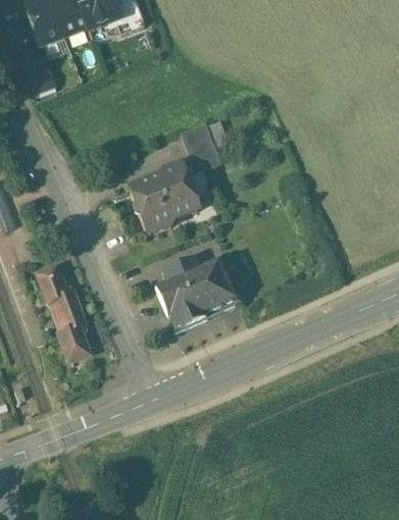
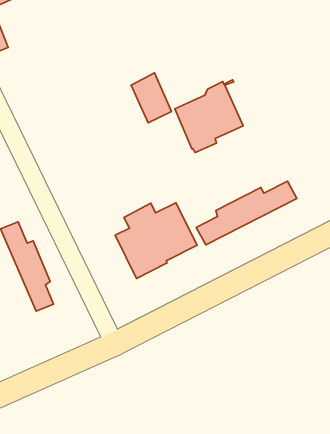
building: [129,160,198,232] -> [175,80,243,152]
building: none -> [196,181,297,245]

